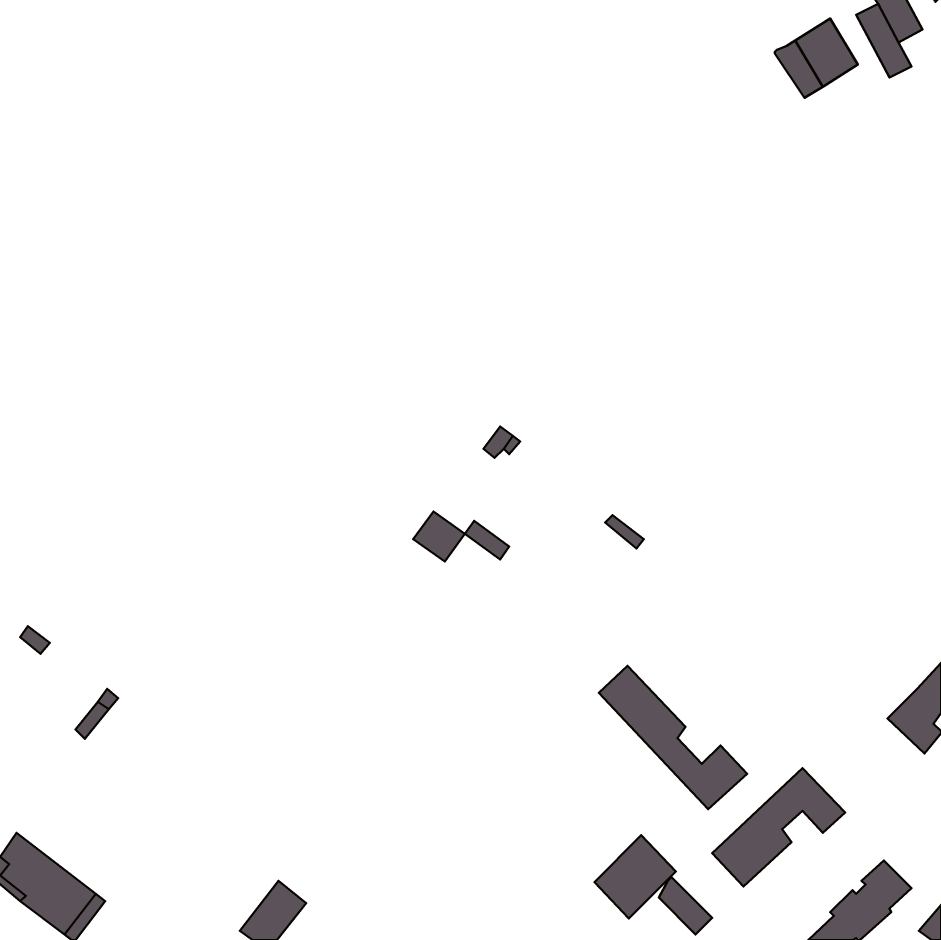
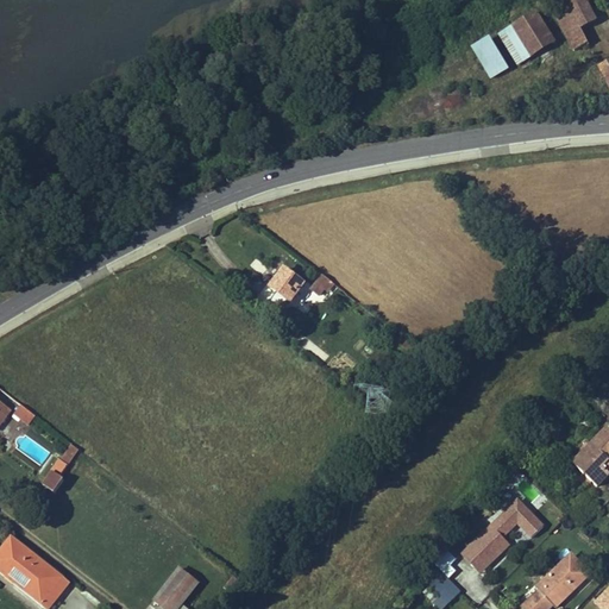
building: none -> [475,39,508,77]
building: [413,512,465,561] -> [270,269,303,301]
building: [599,666,747,809] -> none
building: [594,835,676,918] -> none

